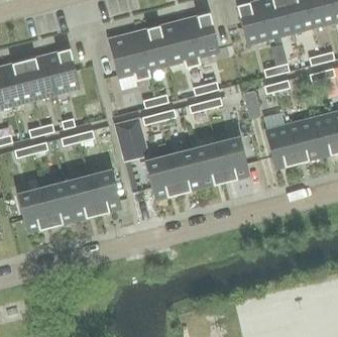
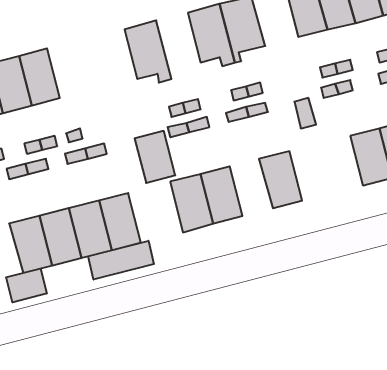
building: [133,26,168,79] -> none
building: [46,48,80,94] -> none
building: [264,124,298,170] -> none
building: [192,142,226,188] -> none
building: none -> [88,241,154,280]
building: none -> [6,269,47,302]

